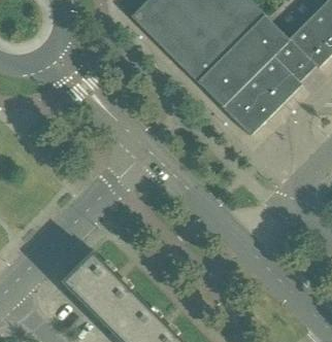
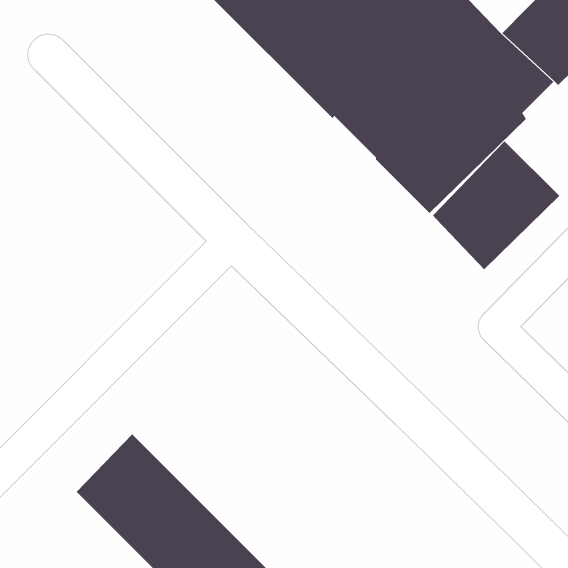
building: none -> [432,141,560,270]

